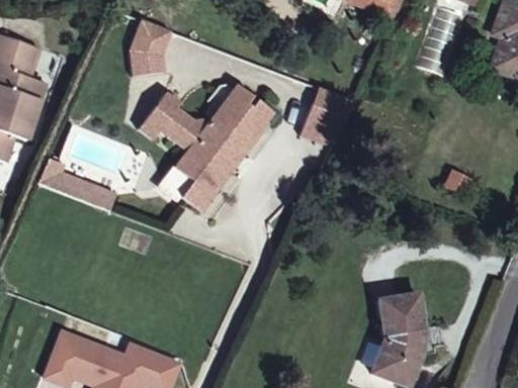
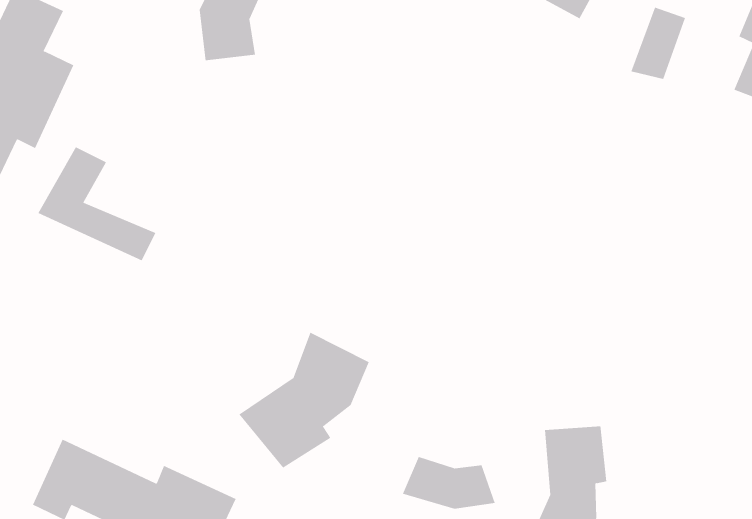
building: [146,89,283,209] -> none
building: none -> [239,332,369,469]
building: none -> [402,456,495,510]

